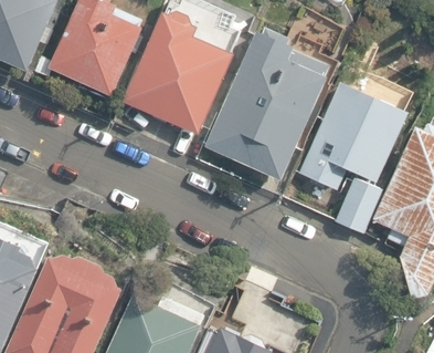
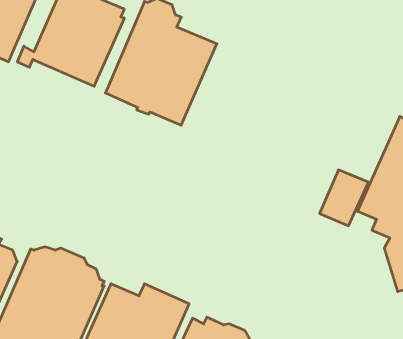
building: [204,31,327,180] -> none
building: [299,84,406,190] -> none

